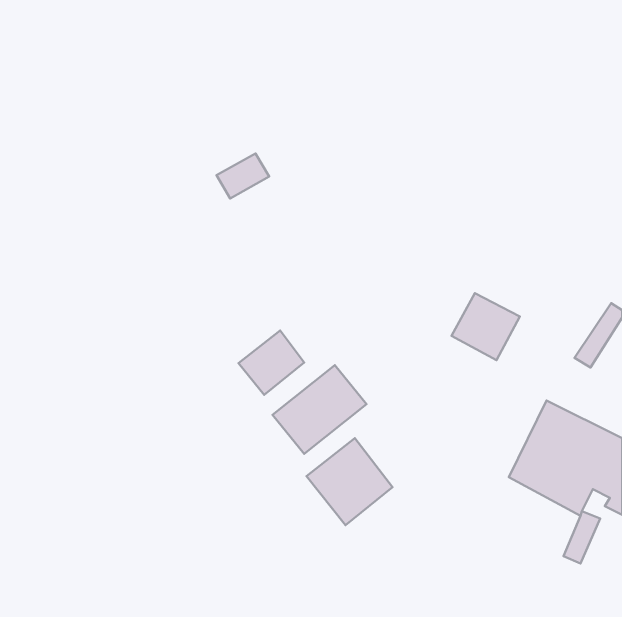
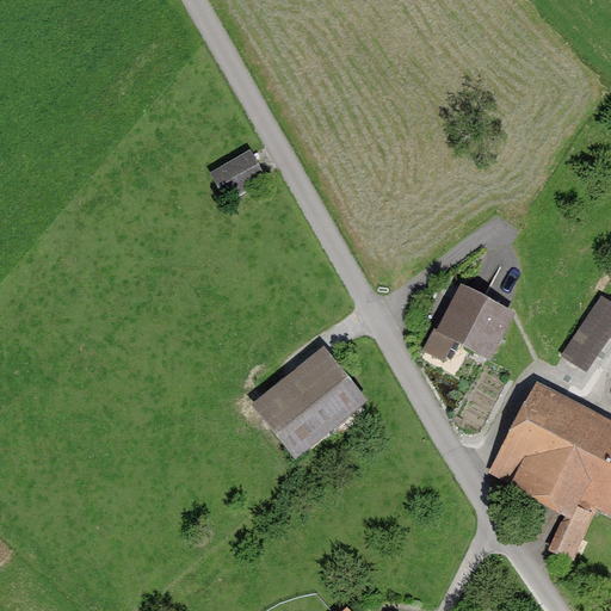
building: [239,331,304,395] -> none
building: [306,438,392,525] -> none

